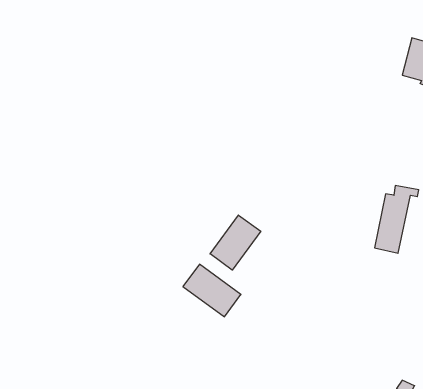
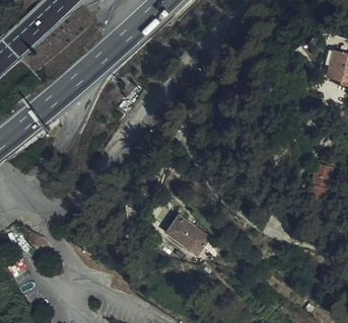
building: [210,215,261,270] -> none

